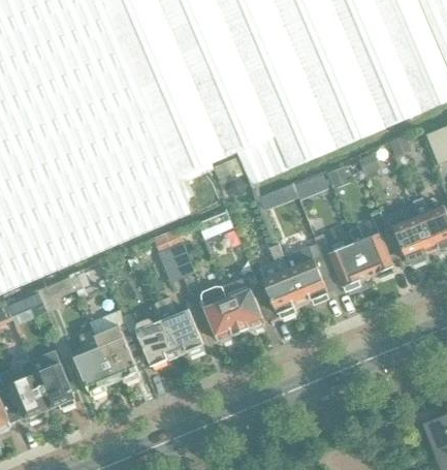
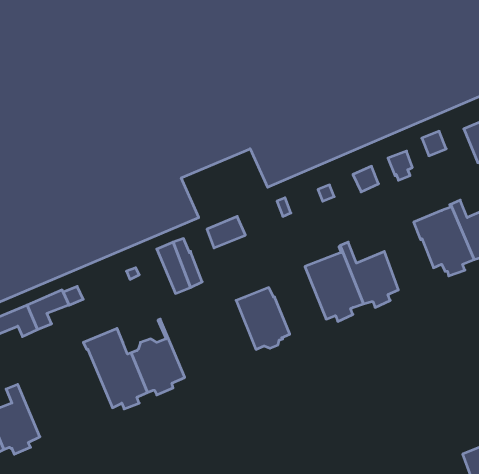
building: [350,213,398,279] -> none
building: [258,245,304,317] -> none
building: [200,286,242,342] -> none
building: [157,299,203,355] -> none
building: [74,330,115,397] -> none
building: [31,351,75,409] -> none

